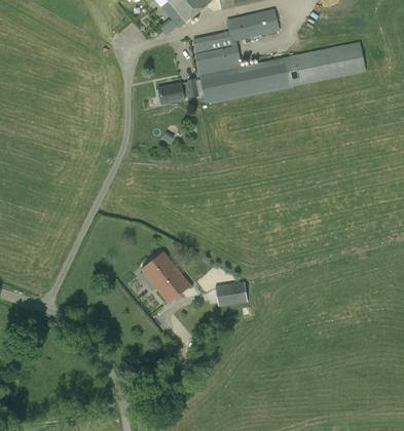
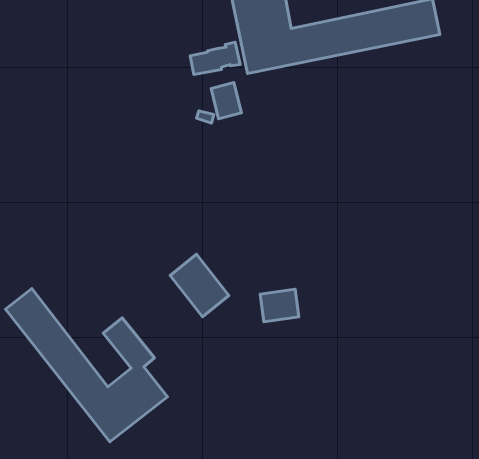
building: none -> [211,82,242,119]
building: none -> [5,289,168,442]

